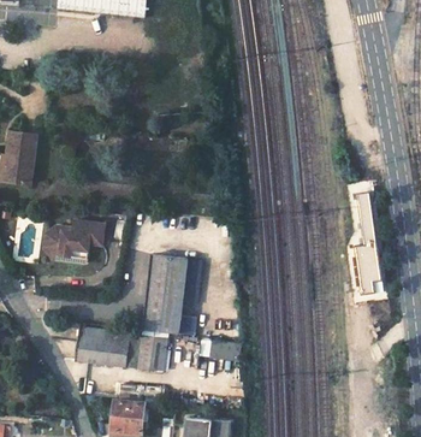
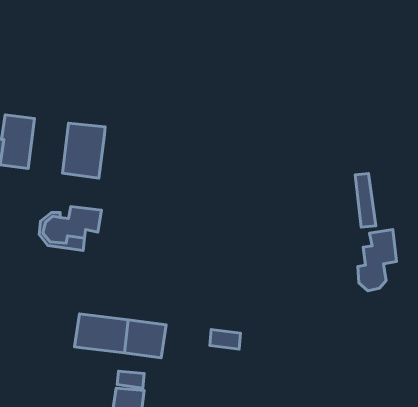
building: none -> [62,123,105,178]
building: none -> [358,229,396,291]
building: [144,256,202,338] -> none

